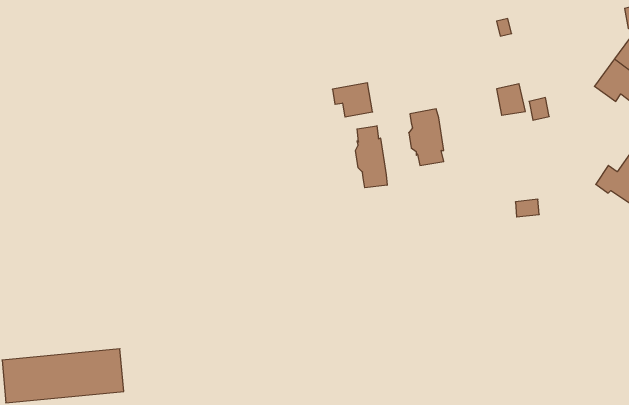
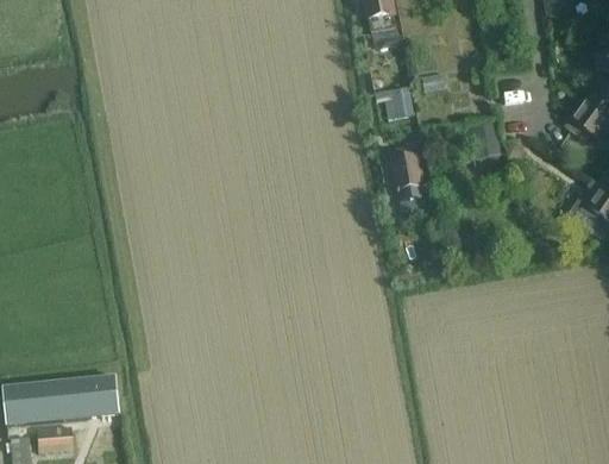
building: [332,83,373,117] -> [375,87,413,119]
building: [355,126,387,188] -> none

